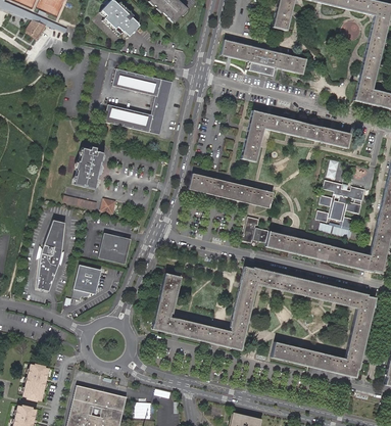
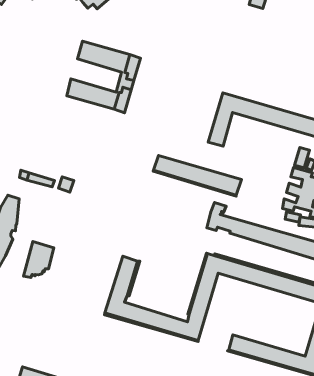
building: [222,39,307,75] -> none
building: [74,149,103,189] -> none
building: [99,233,131,263] -> none

